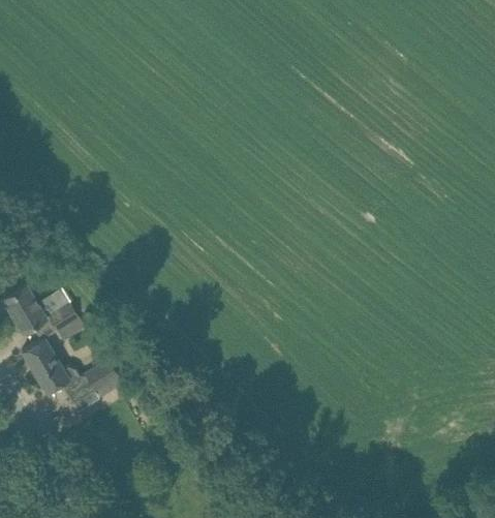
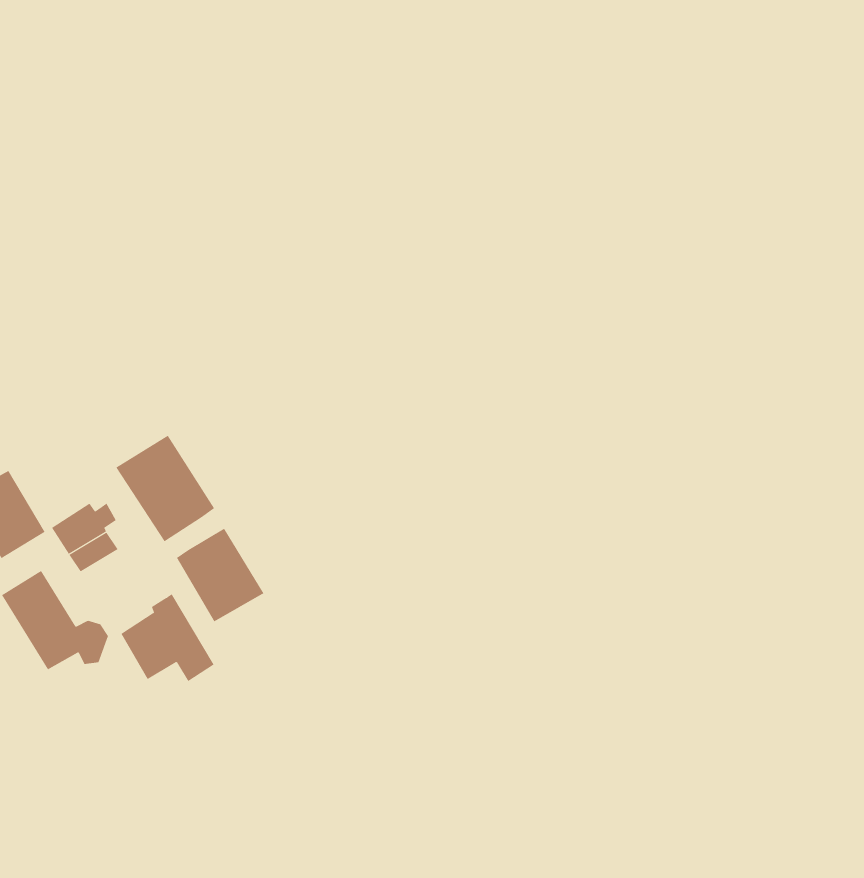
building: none -> [116,435,215,542]
building: none -> [176,528,264,622]

